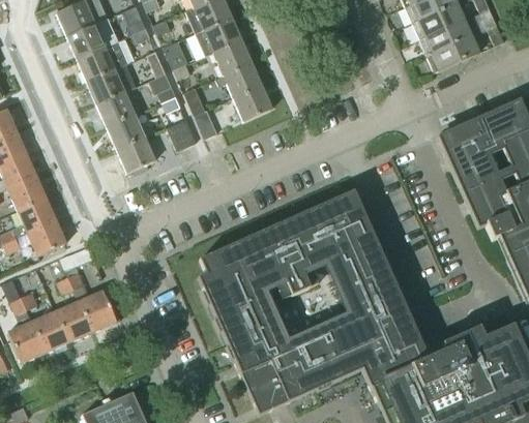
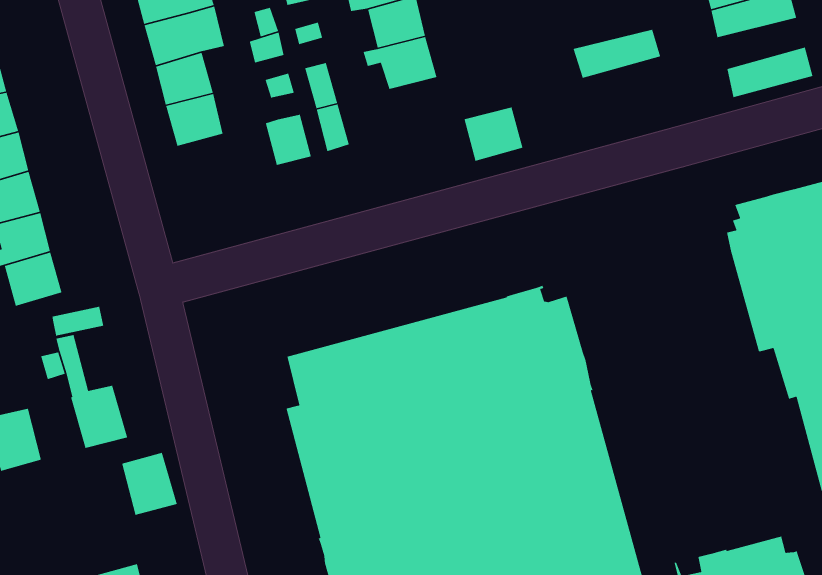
building: [419,19,471,54] -> [573,29,661,79]
building: [235,85,272,120] -> [463,107,524,162]
building: [118,137,154,172] -> none
building: [56,301,92,340] -> [121,452,178,516]

